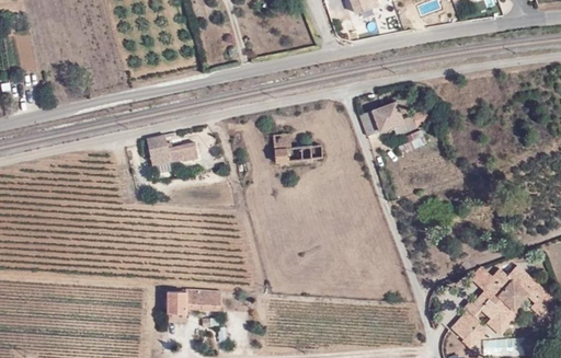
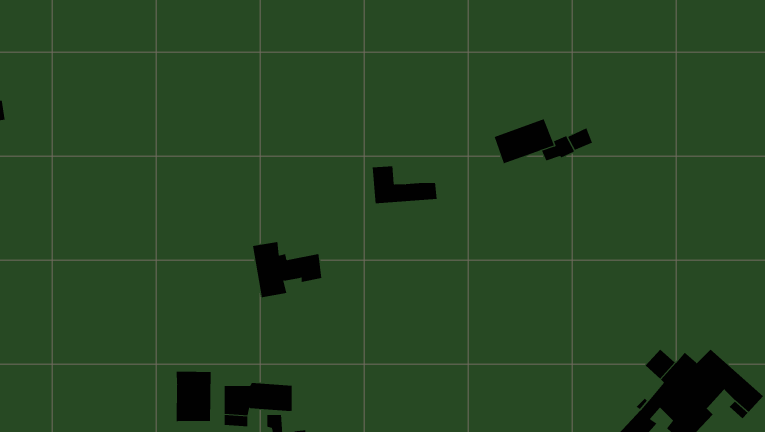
building: [145,134,195,174] -> [252,241,322,298]
building: none -> [176,371,211,422]

